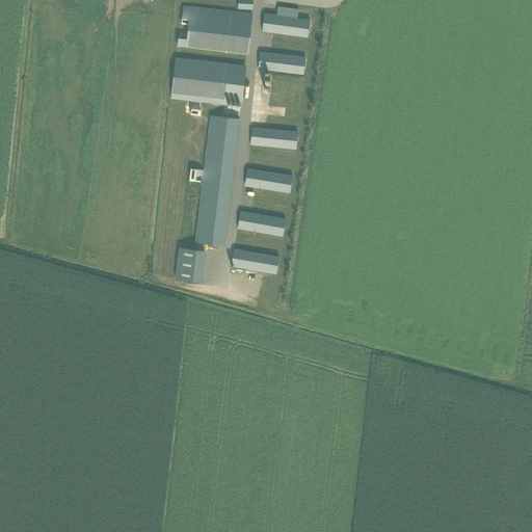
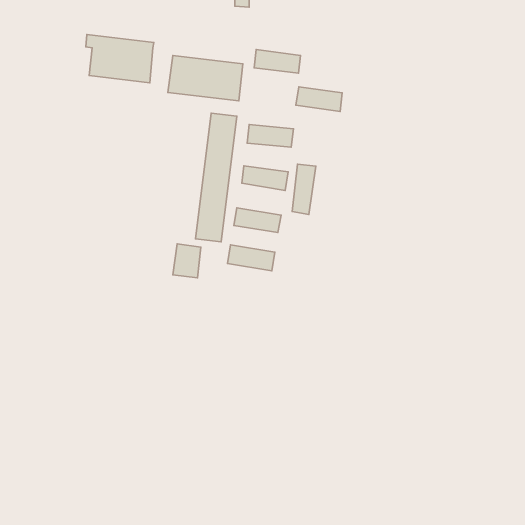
building: [181,4,249,53] -> [86,34,154,83]
building: [261,11,308,36] -> [296,87,342,111]
building: none -> [292,164,316,214]

